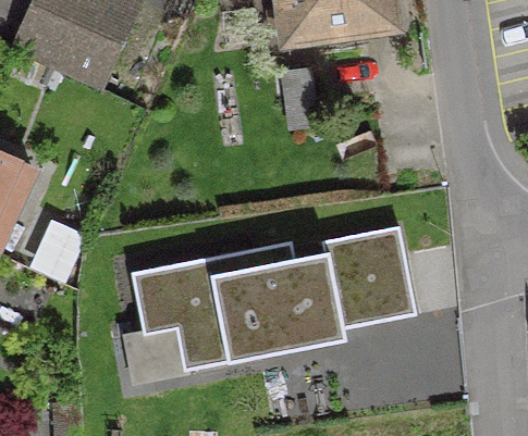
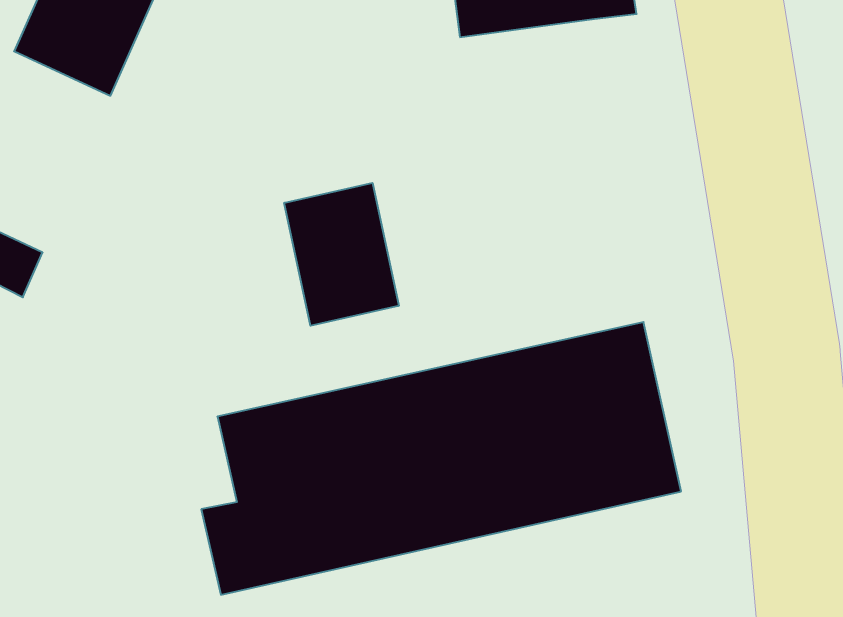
building: none -> [284,183,399,326]

